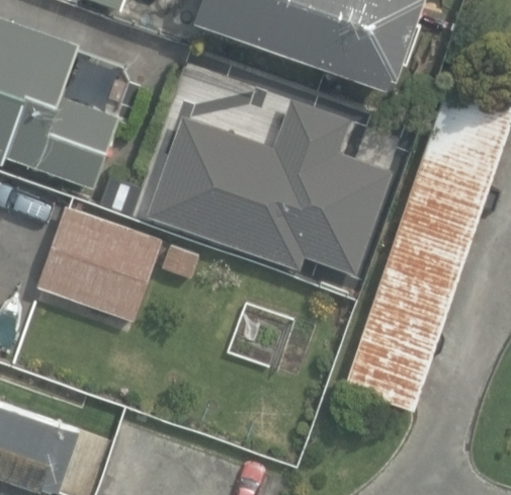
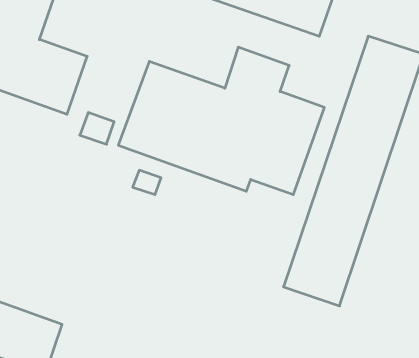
building: [37,209,161,322] -> none

